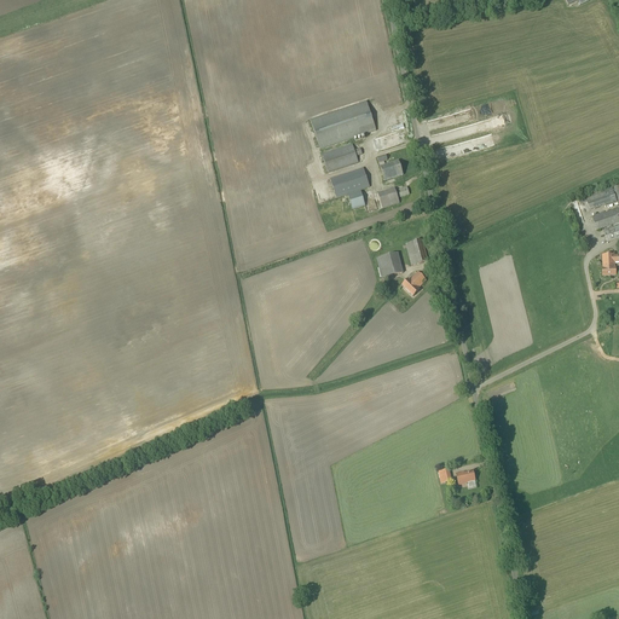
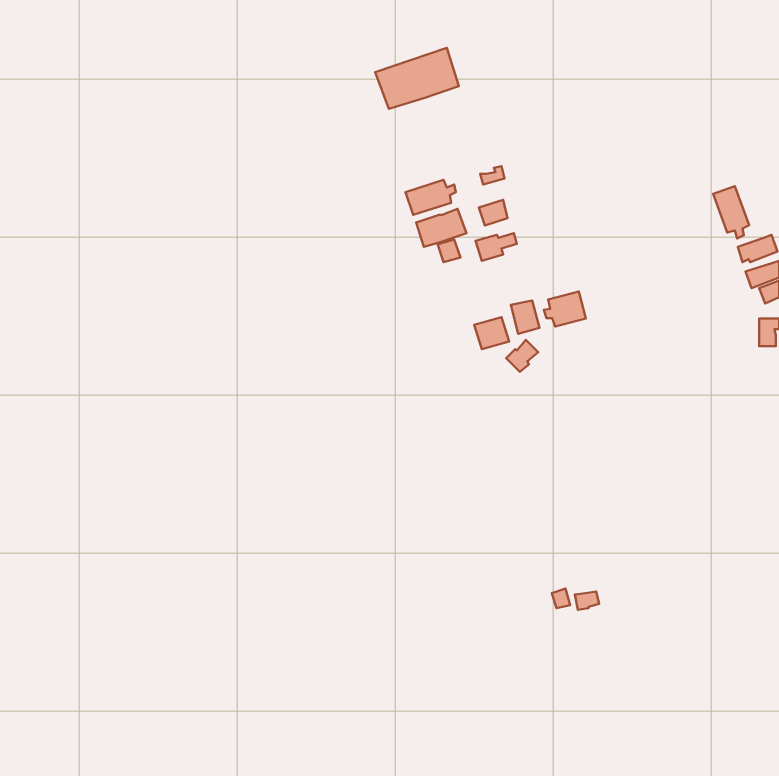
building: [310,99,376,147] -> [375,48,459,109]
building: none -> [713,186,749,239]
building: none -> [544,292,586,326]

